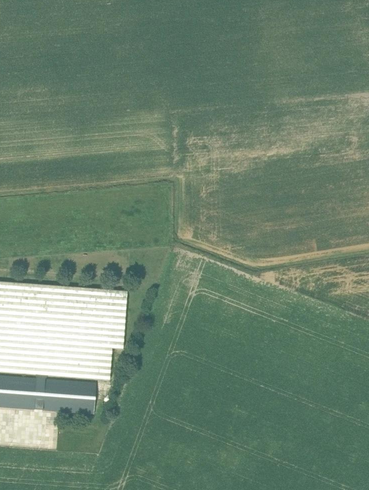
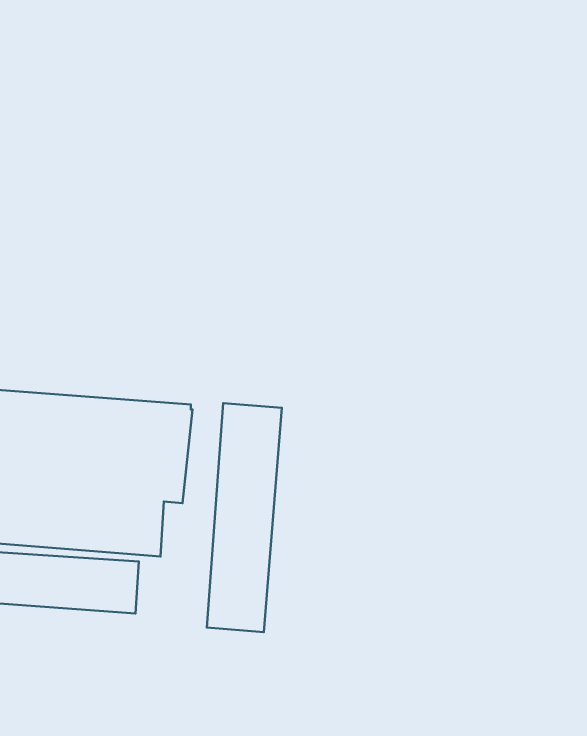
building: none -> [207,403,282,632]

